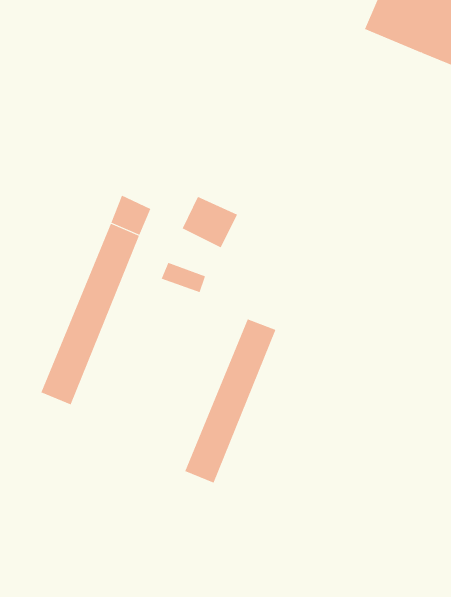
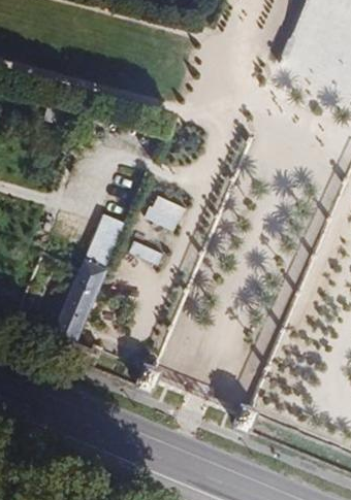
building: [184,318,276,483] -> none

